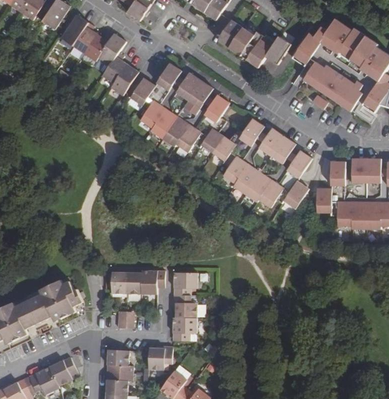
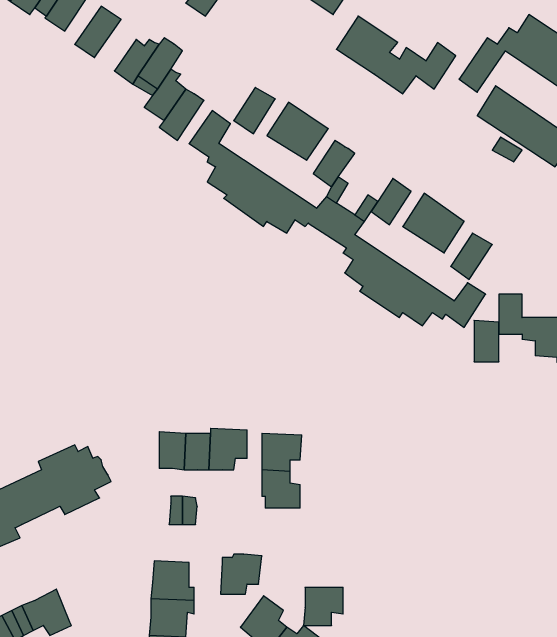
building: [72,22,97,53] -> none
building: [330,161,345,186] -> [474,320,499,362]
building: [172,317,196,340] -> [303,587,343,625]
building: [49,357,76,386] -> none

